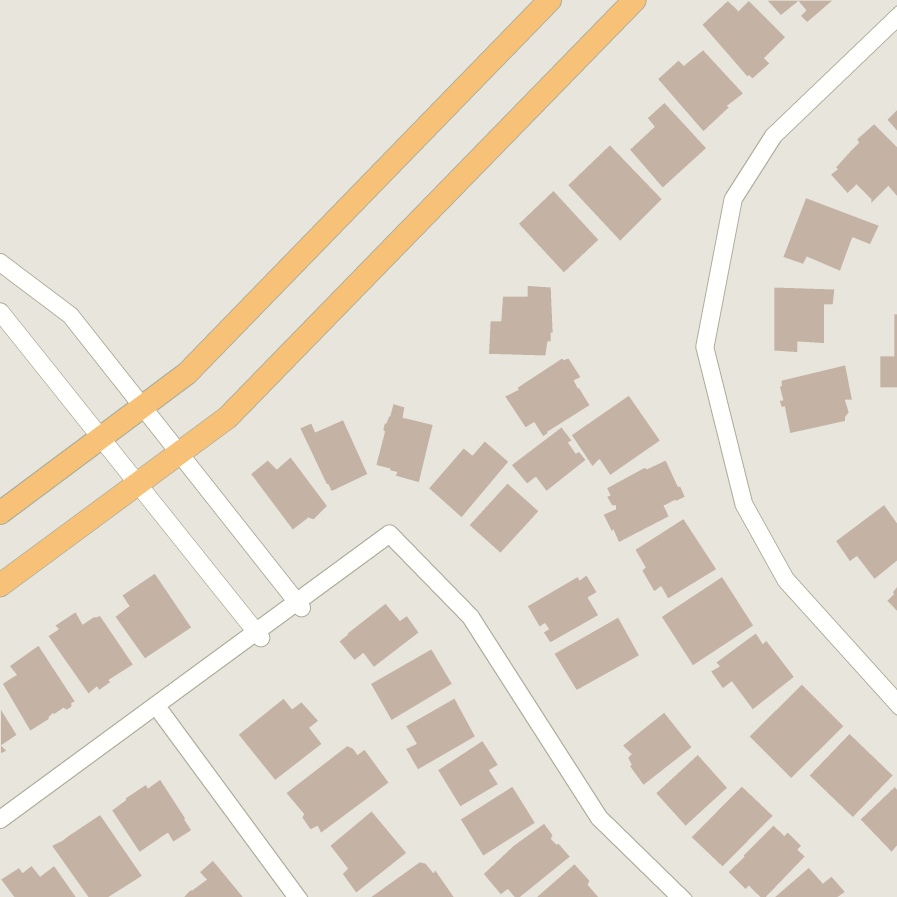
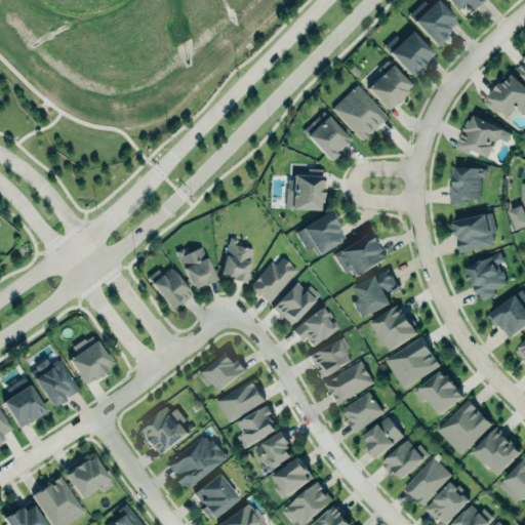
building: [511,427,587,492] -> [292,307,336,345]
building: none -> [465,251,509,301]
building: none -> [341,393,385,434]

